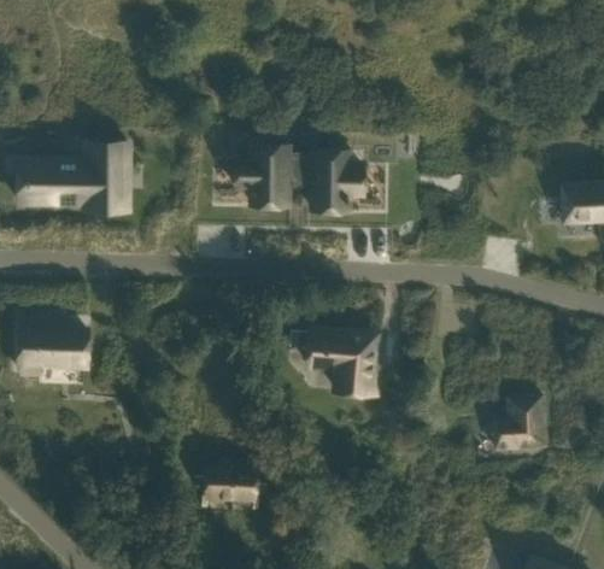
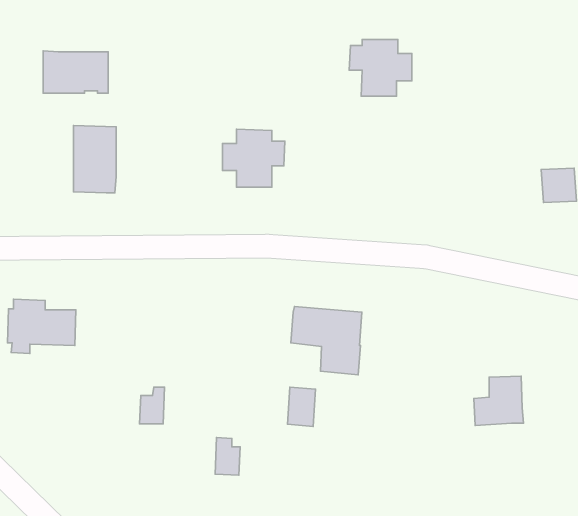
building: [300,153,364,211] -> [349,39,412,96]
building: [19,160,86,204] -> [43,51,108,93]
building: none -> [288,387,315,426]
building: [206,462,231,499] -> [140,387,164,424]

